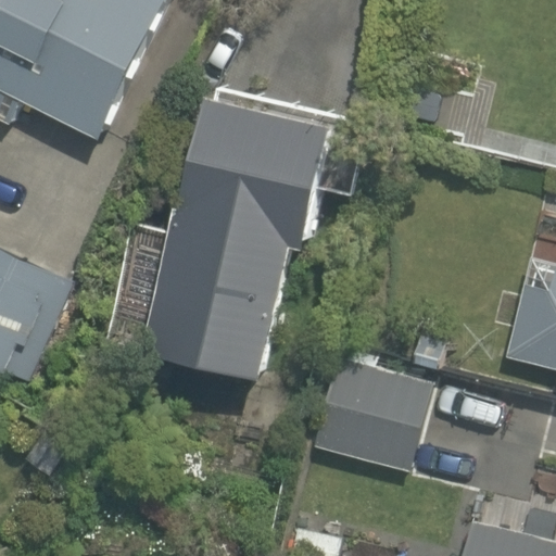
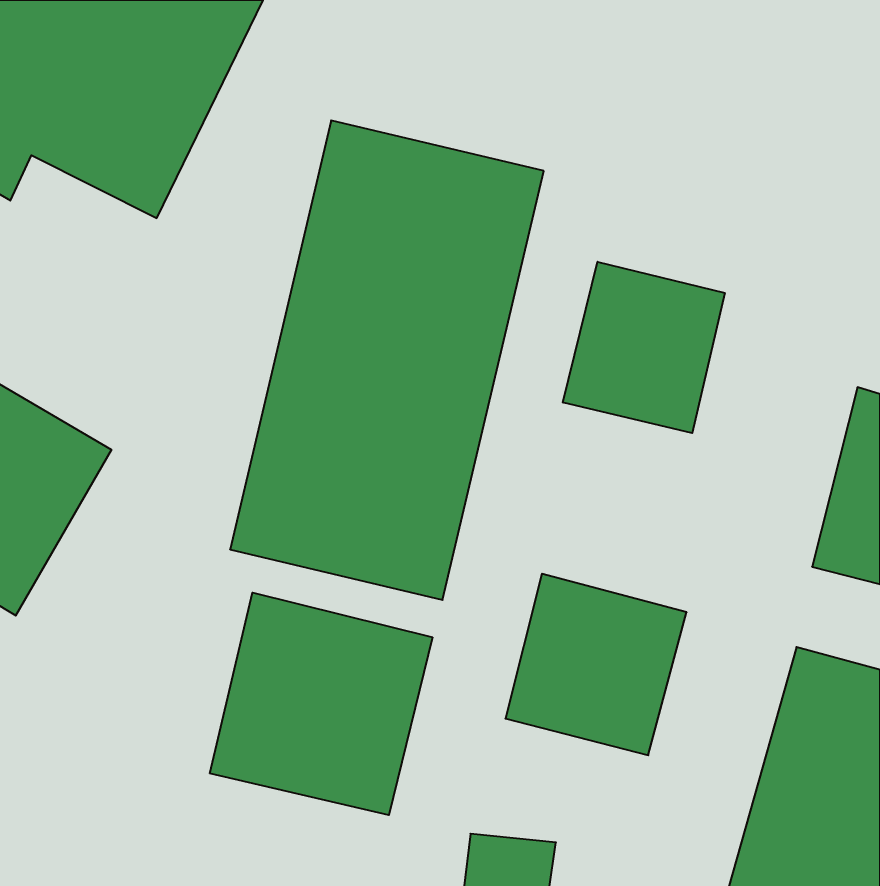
building: none -> [563,262,725,433]
building: none -> [210,593,432,815]

